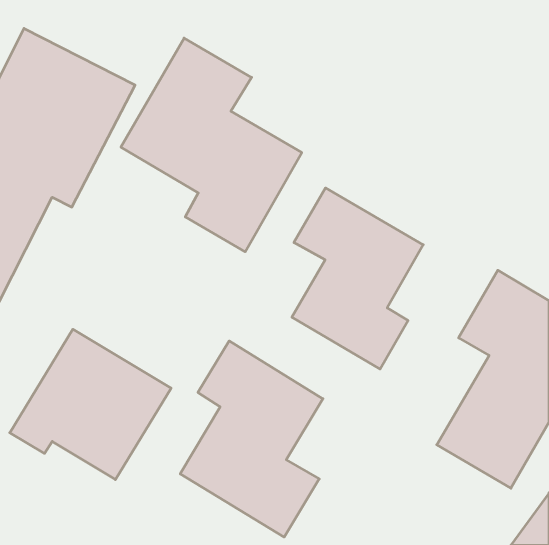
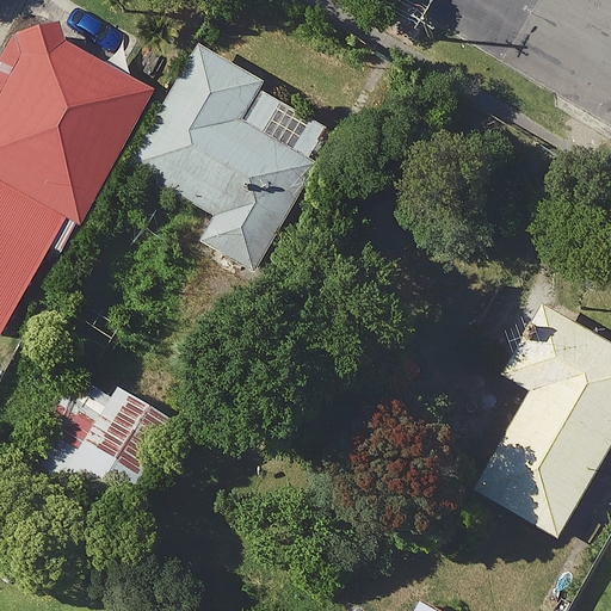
building: [292,188,423,369] -> none
building: [180,341,323,537] -> none

